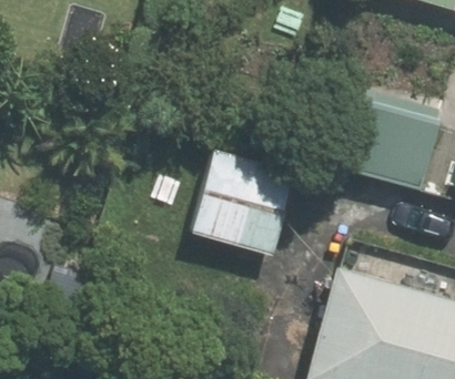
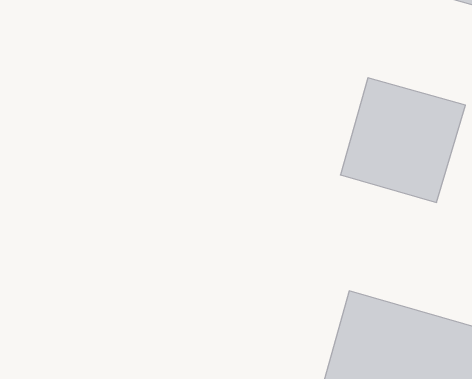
building: [191,153,294,256] -> none

